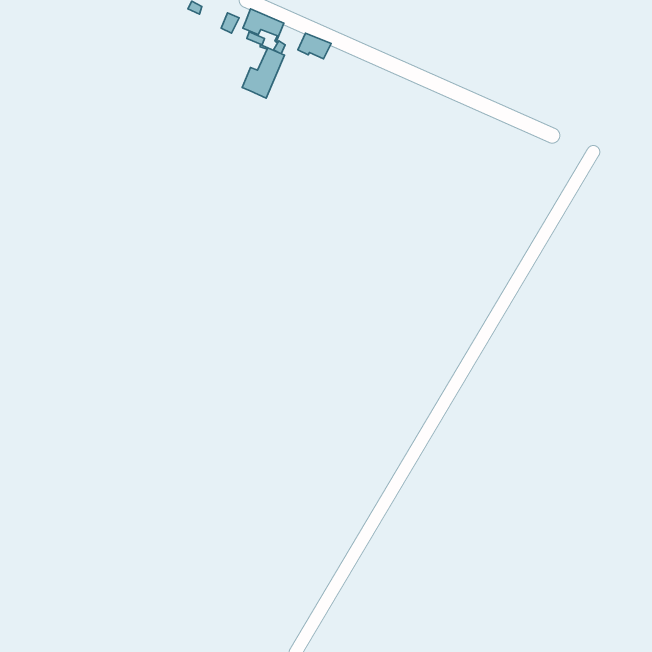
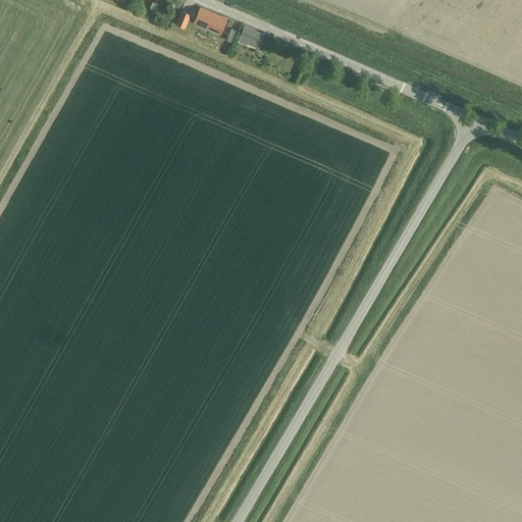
building: [242,44,284,98] -> none

